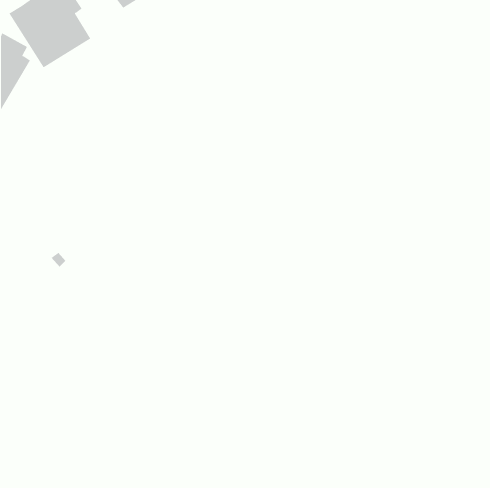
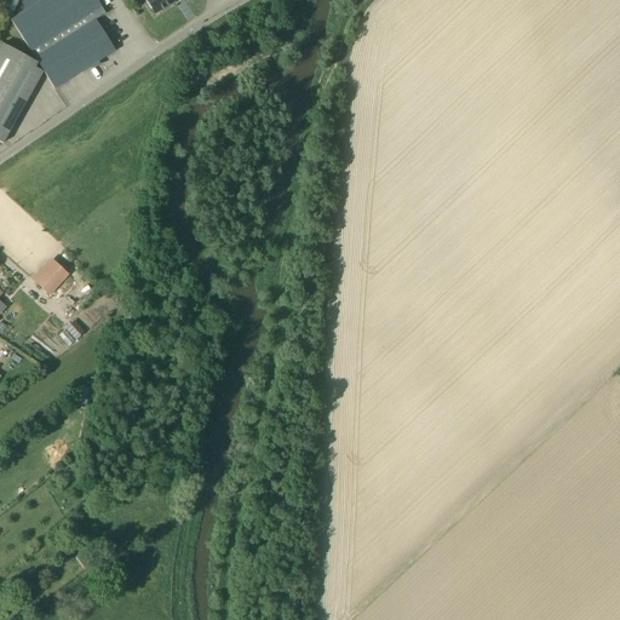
building: none -> [31,256,69,293]

